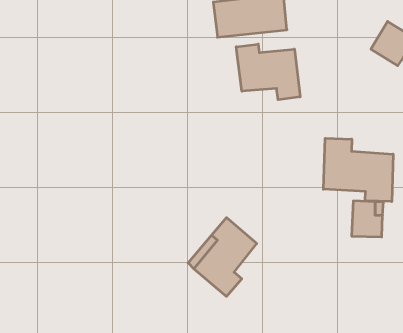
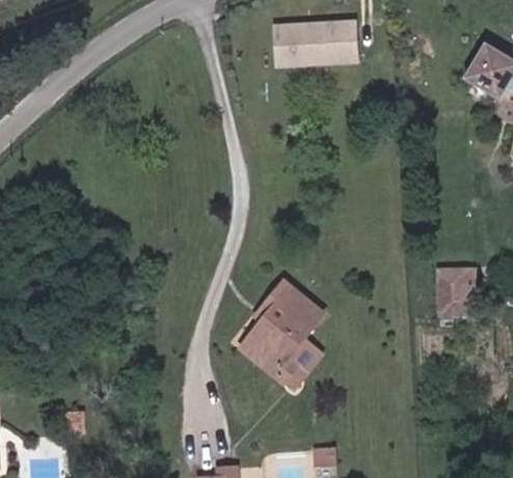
building: [236,44,300,100] -> none
building: [323,138,393,202] -> none

